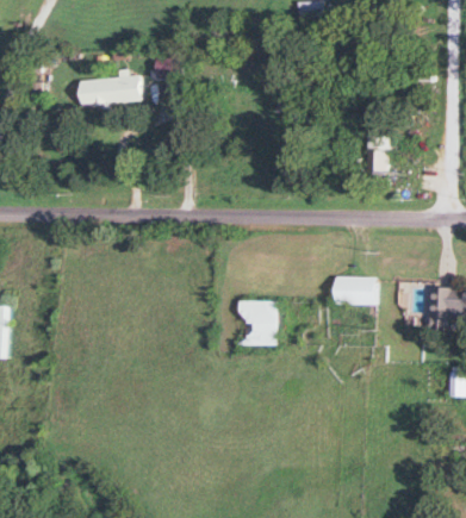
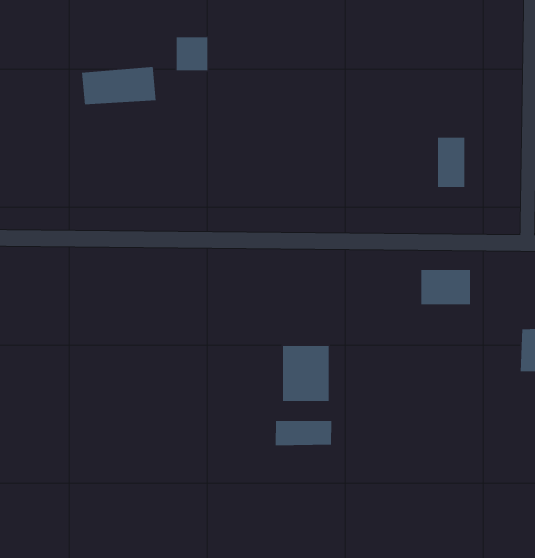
building: [336,276,377,305] -> [420,269,471,305]
building: none -> [275,420,332,446]

